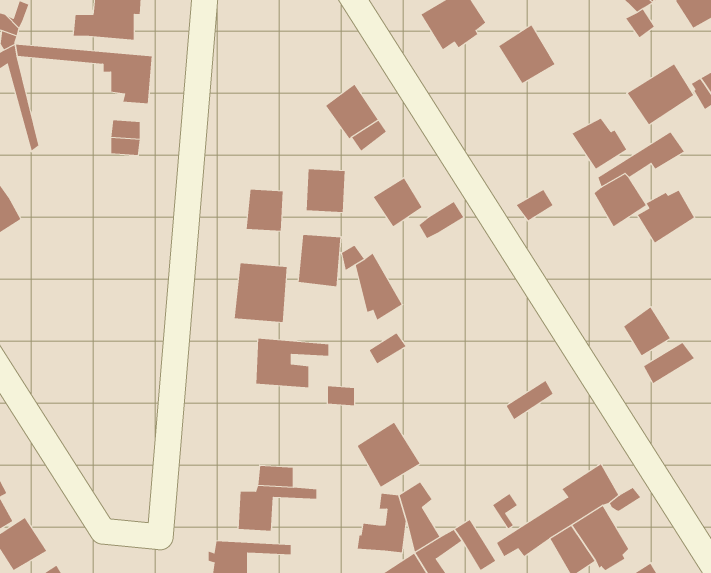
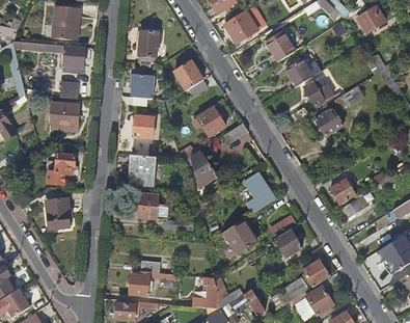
building: none -> [137,32,161,63]
building: [627,63,694,125] -> [285,53,321,85]
building: none -> [51,103,78,131]
building: [306,169,345,213] -> [132,76,153,99]
building: [637,190,695,244] -> none
building: [298,234,341,287] -> none
building: none -> [43,155,73,185]
building: none -> [243,172,273,213]
building: none -> [45,198,69,228]
building: none -> [274,231,301,259]
building: [357,422,420,487] -> [223,219,256,253]

